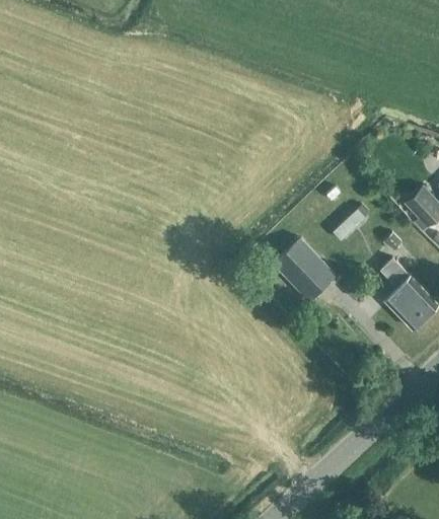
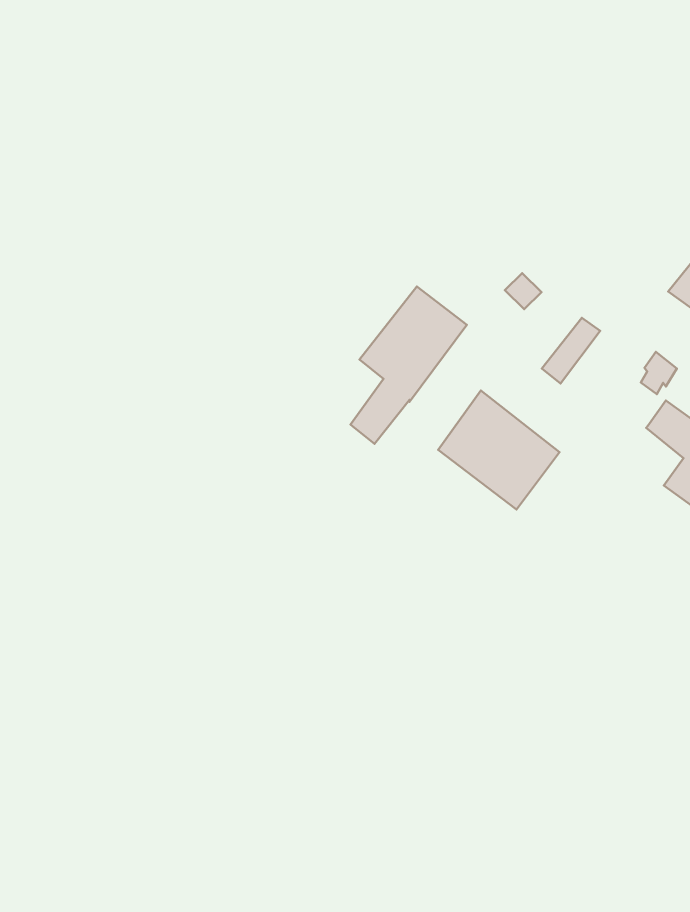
building: none -> [351,287,467,444]

